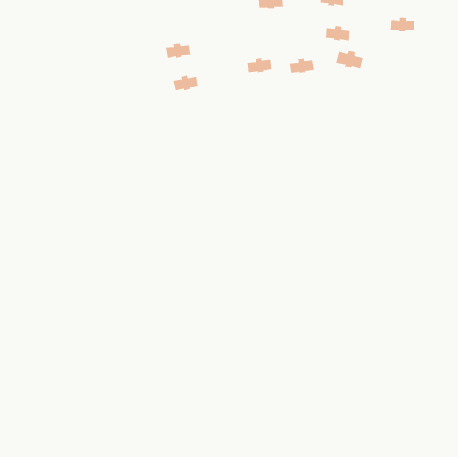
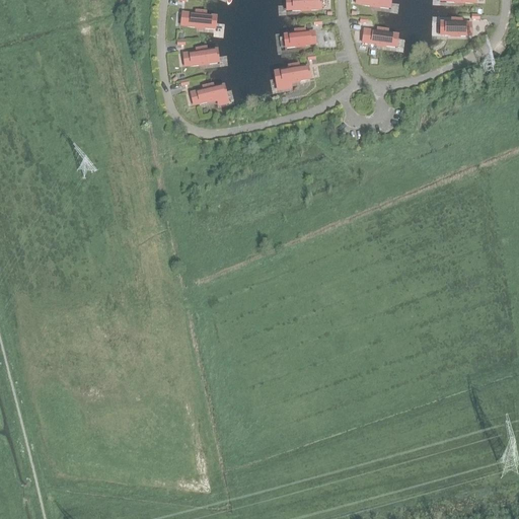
building: none -> [186,11,214,28]
building: [335,50,364,69] -> none
building: [289,58,315,73] -> [284,29,313,47]

